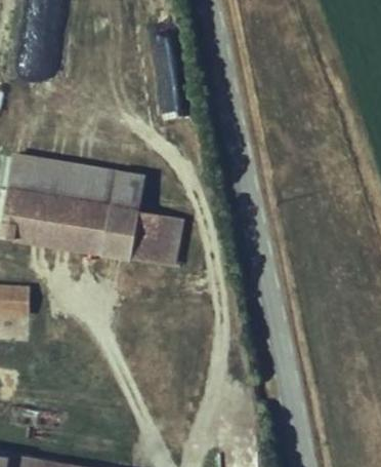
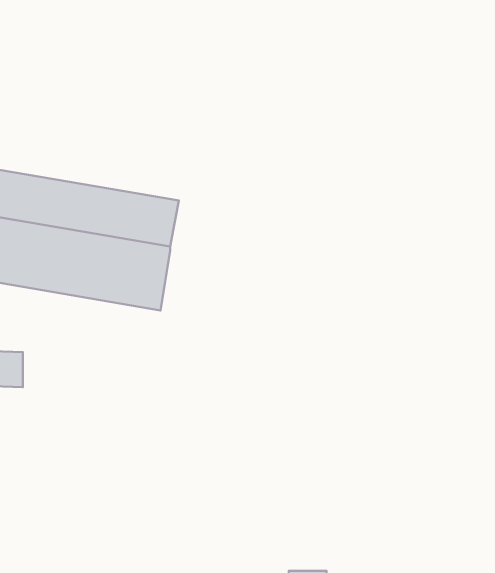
building: [132,213,182,265] -> none

